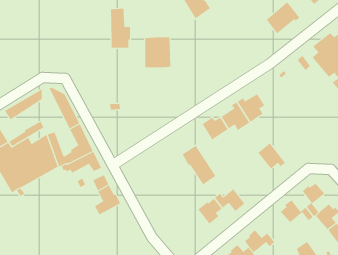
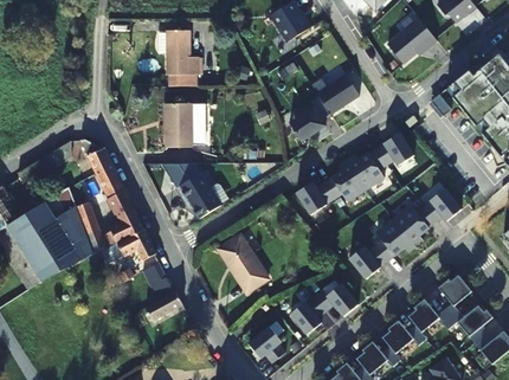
building: [144,37,171,68] -> [165,102,202,146]
building: none -> [316,75,359,114]
building: none -> [289,107,324,141]
building: none -> [375,133,413,165]
building: none -> [176,169,221,217]
building: none -> [430,187,460,220]
building: none -> [393,204,429,246]
building: [182,145,216,185] -> [218,234,266,291]
building: none -> [349,245,380,278]
building: none -> [381,320,426,353]
building: none -> [249,326,285,362]

